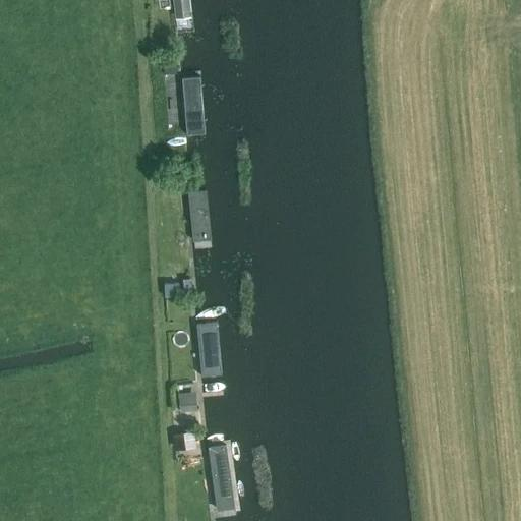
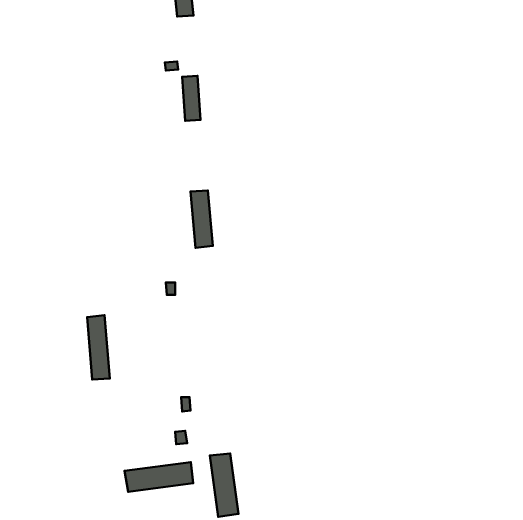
building: [198,321,221,385] -> [87,315,110,380]
building: none -> [125,462,193,492]

